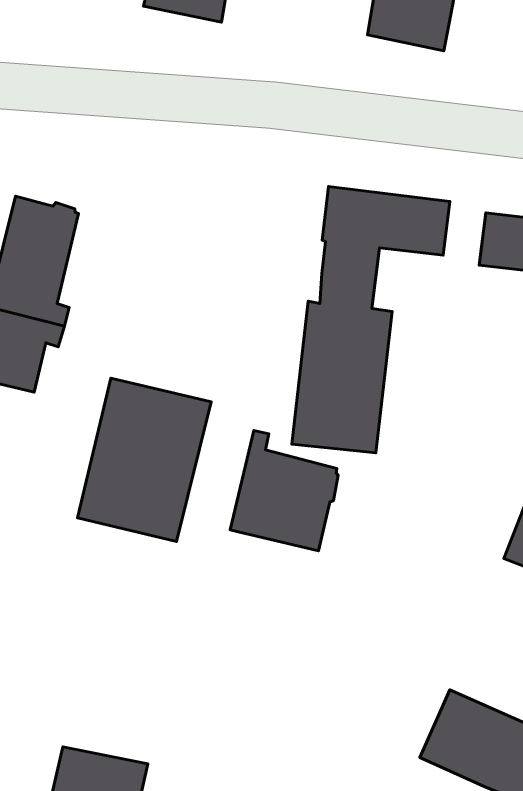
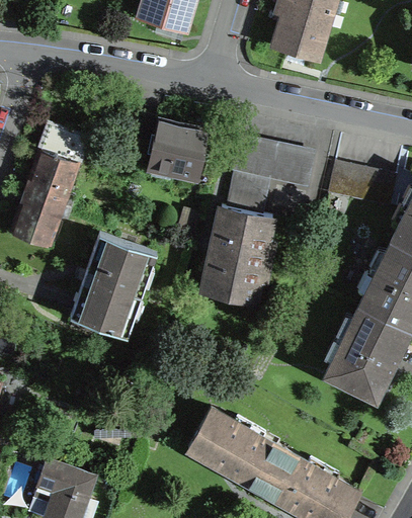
building: none -> [127,115,205,178]
building: [230,430,338,551] -> none
building: none -> [187,409,284,491]

